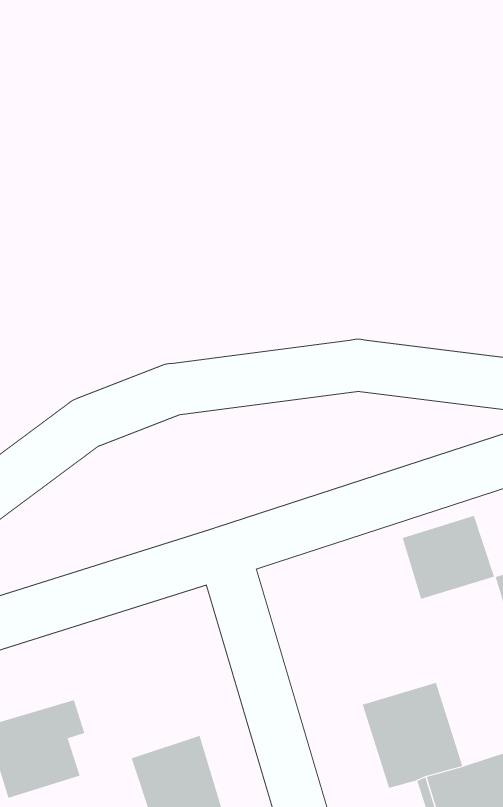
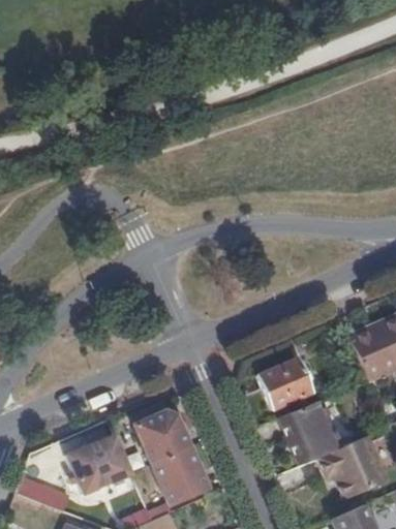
building: [402,515,495,599] -> [258,357,314,409]
building: none -> [135,410,190,463]

